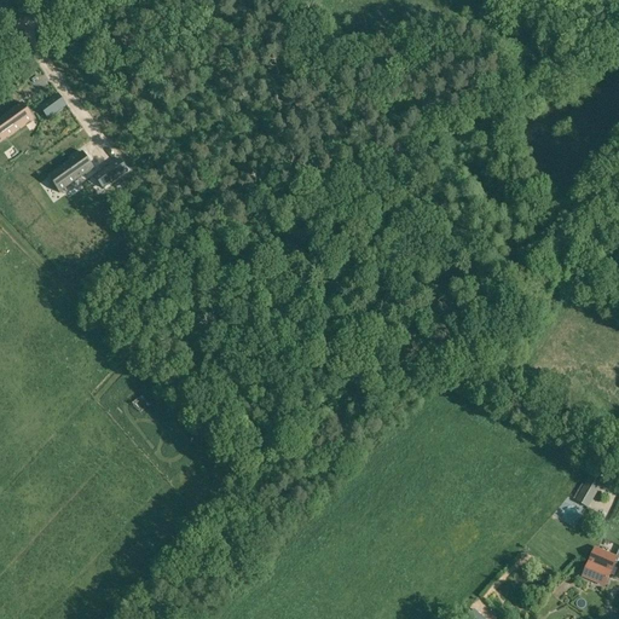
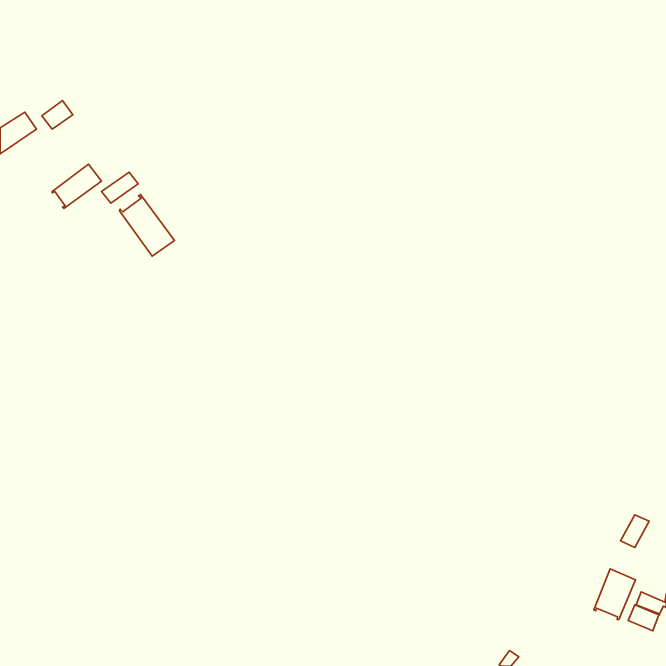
building: none -> [120,195,175,256]
building: none -> [594,569,635,620]

